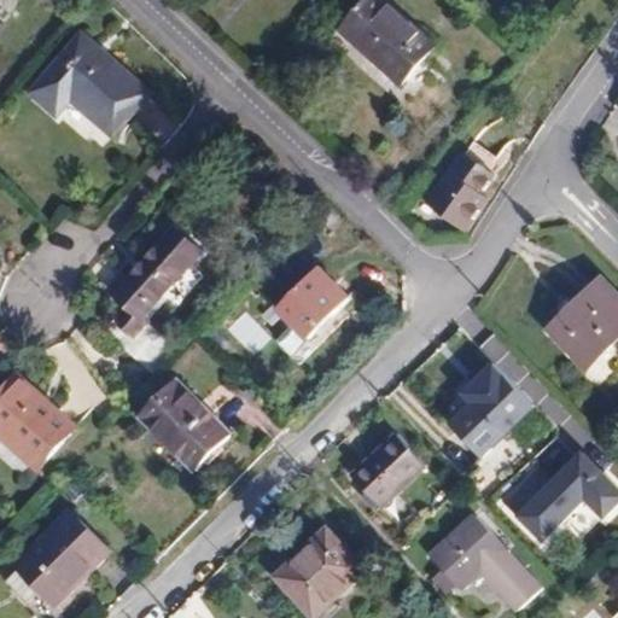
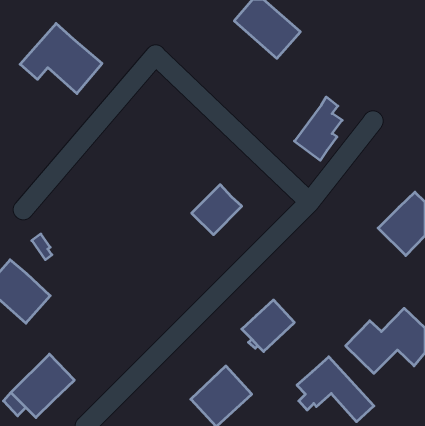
building: [106,227,199,336] -> none
building: [438,360,537,457] -> none
building: [138,379,229,471] -> none

